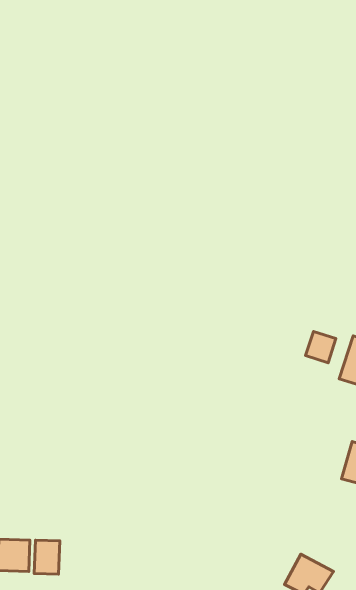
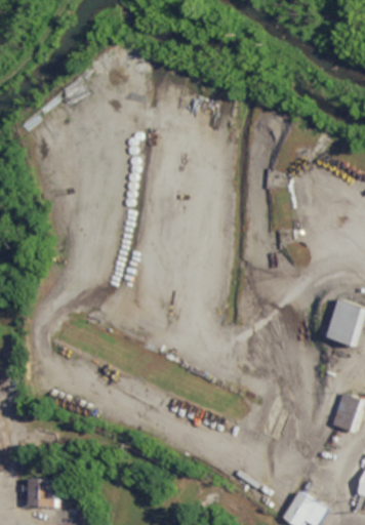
building: [306,331,336,363] -> none
building: [34,540,60,574] -> none

